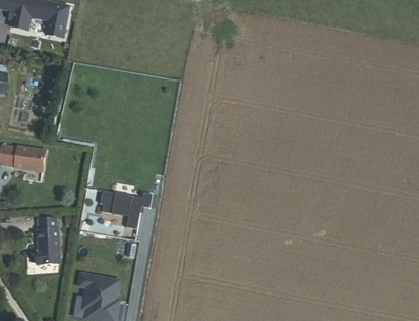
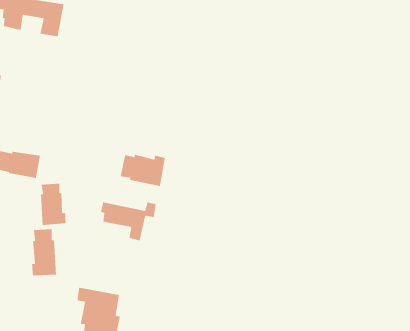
building: none -> [120,154,166,187]
building: none -> [40,183,66,226]

